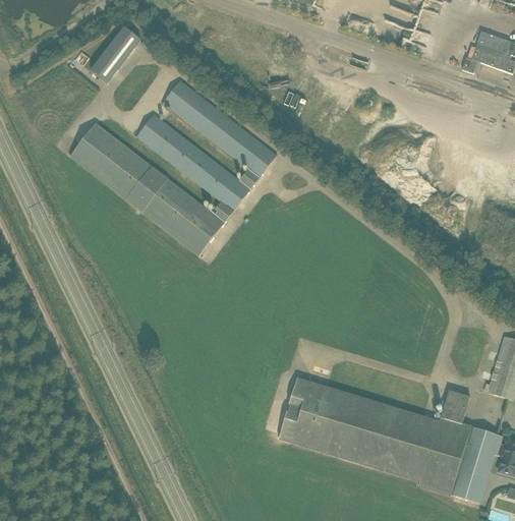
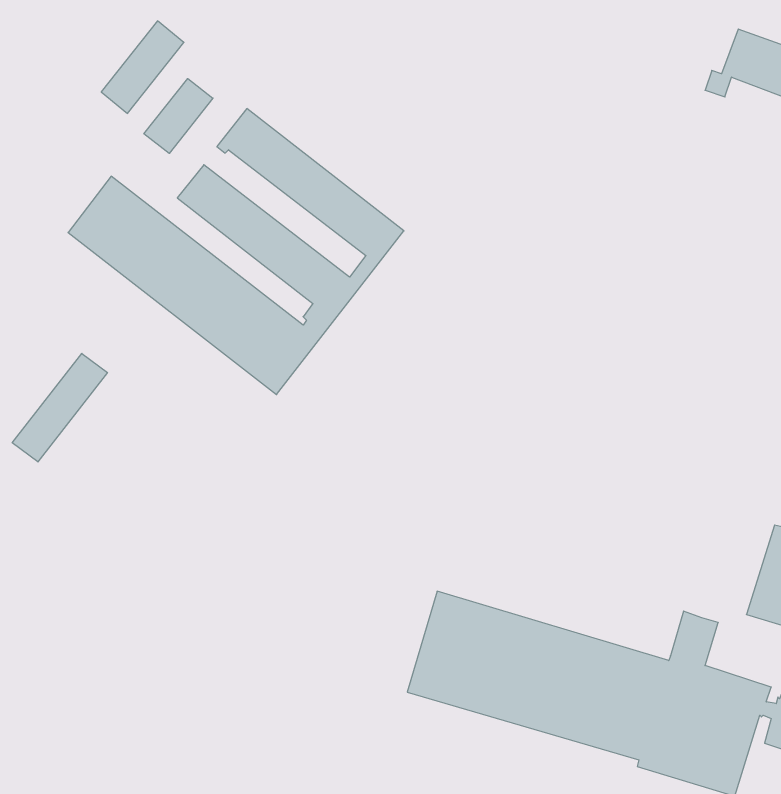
building: none -> [144,79,213,153]
building: none -> [12,353,107,462]

